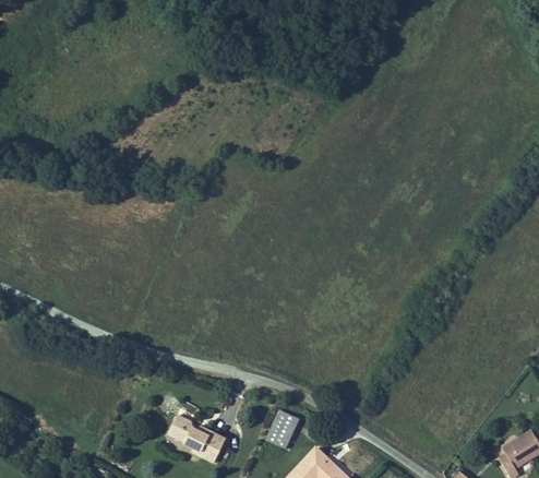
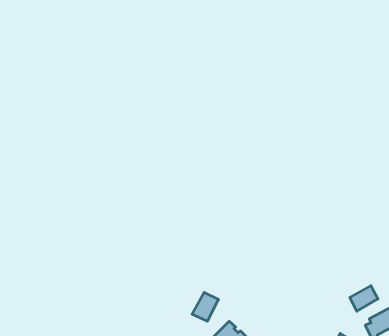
building: none -> [350,286,378,311]
building: [170,408,227,455] -> none

